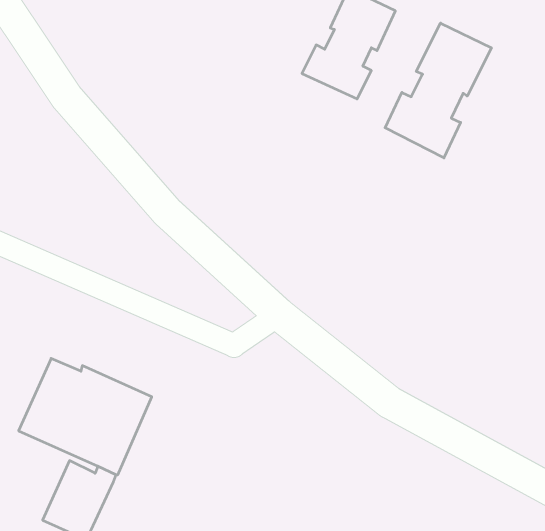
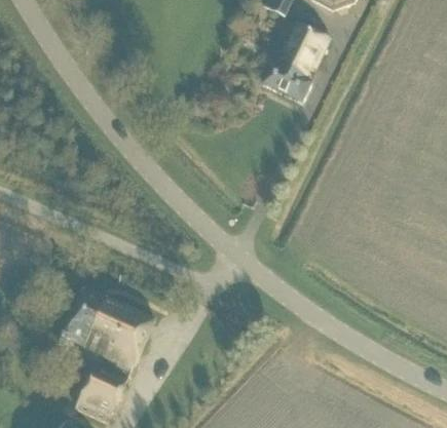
building: [385,23,491,158] -> none

